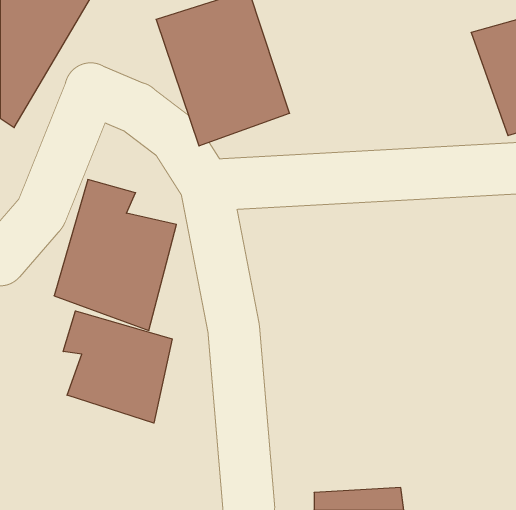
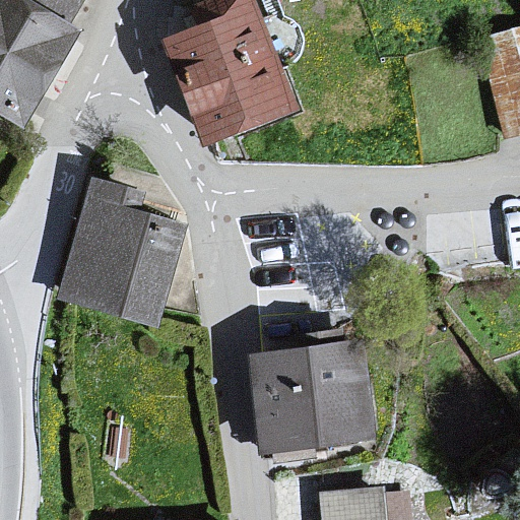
building: [63,311,172,423] -> none
building: none -> [247,344,374,455]

